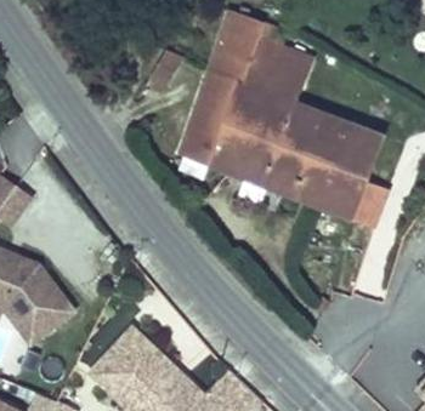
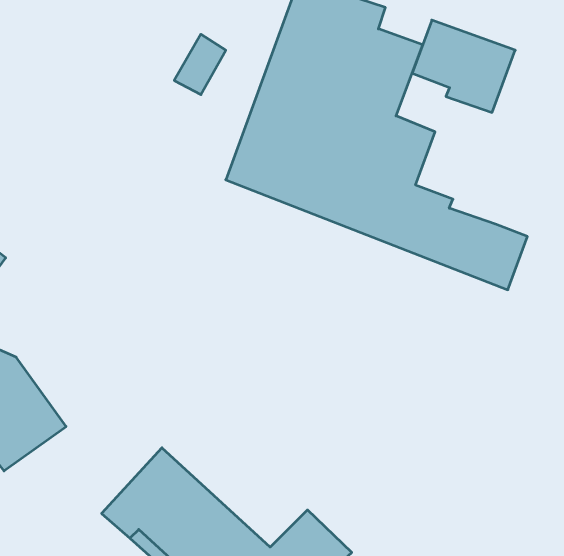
building: [311,115,381,178] -> [412,20,515,112]

